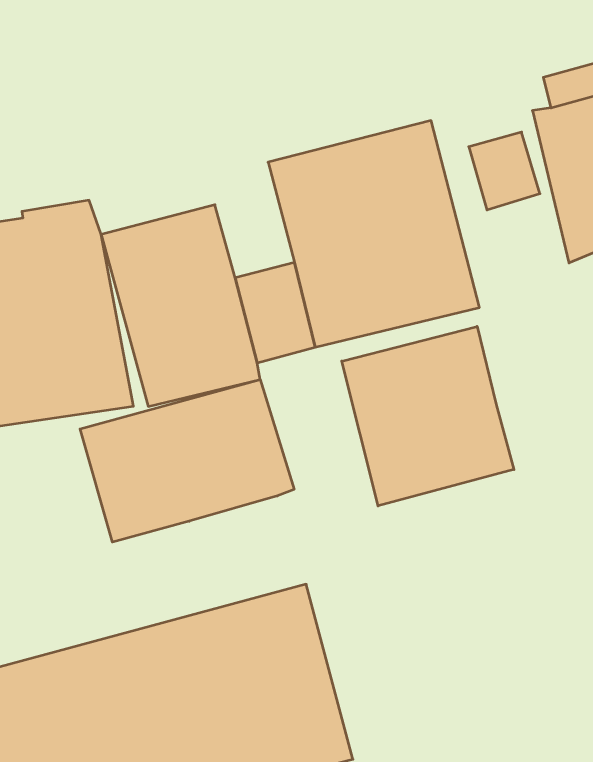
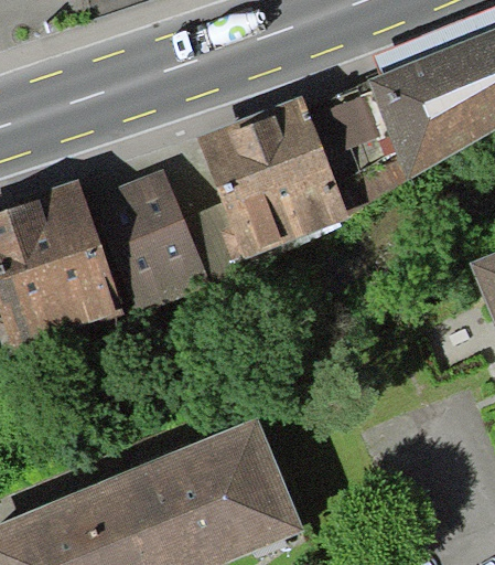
building: [342,326,514,506] -> none
building: [80,380,294,542] -> none

